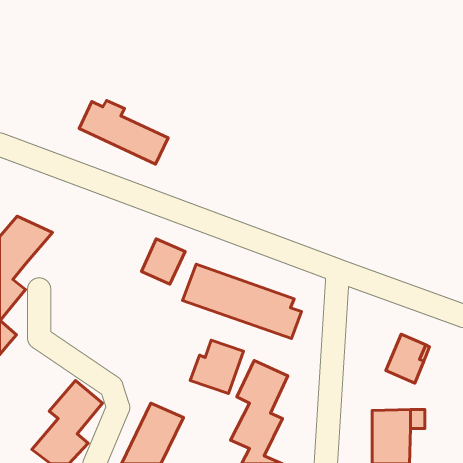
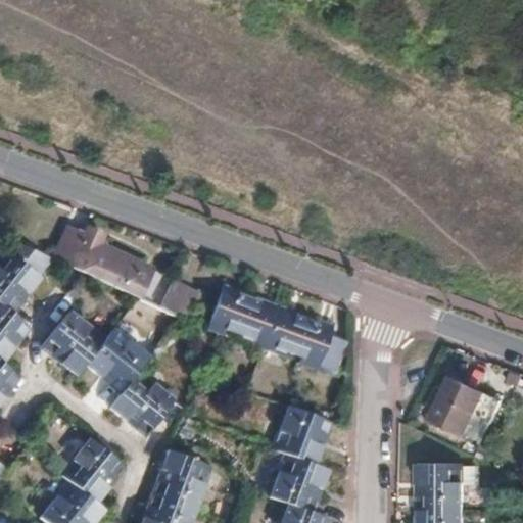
building: [79,100,168,164] -> [55,223,155,294]
building: none -> [55,312,187,432]
building: [190,340,243,394] -> none

